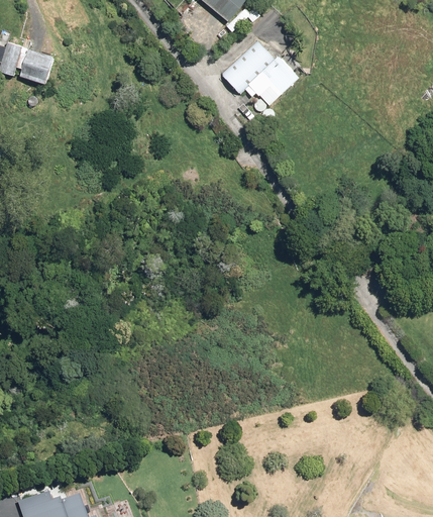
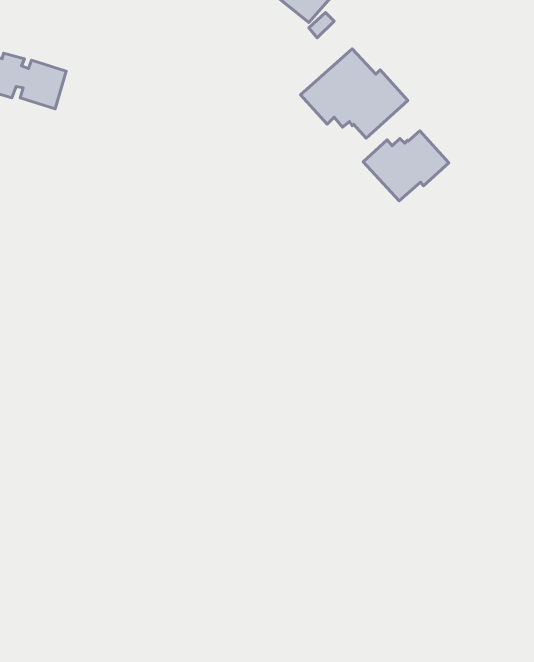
building: none -> [363,131,449,201]

